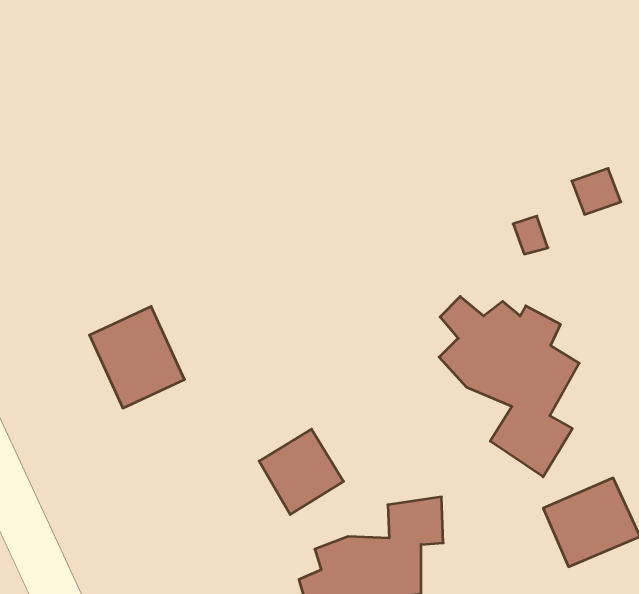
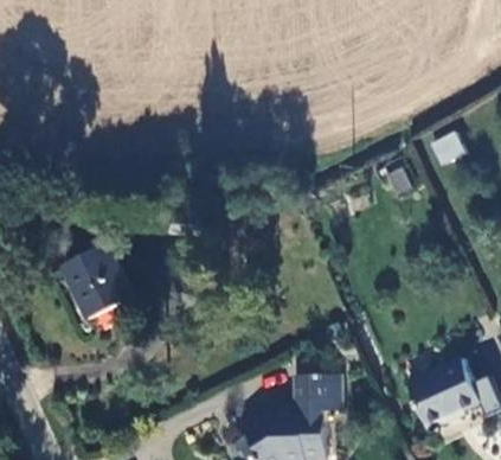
building: [439,296,579,477] -> none
building: [259,429,344,515] -> none

